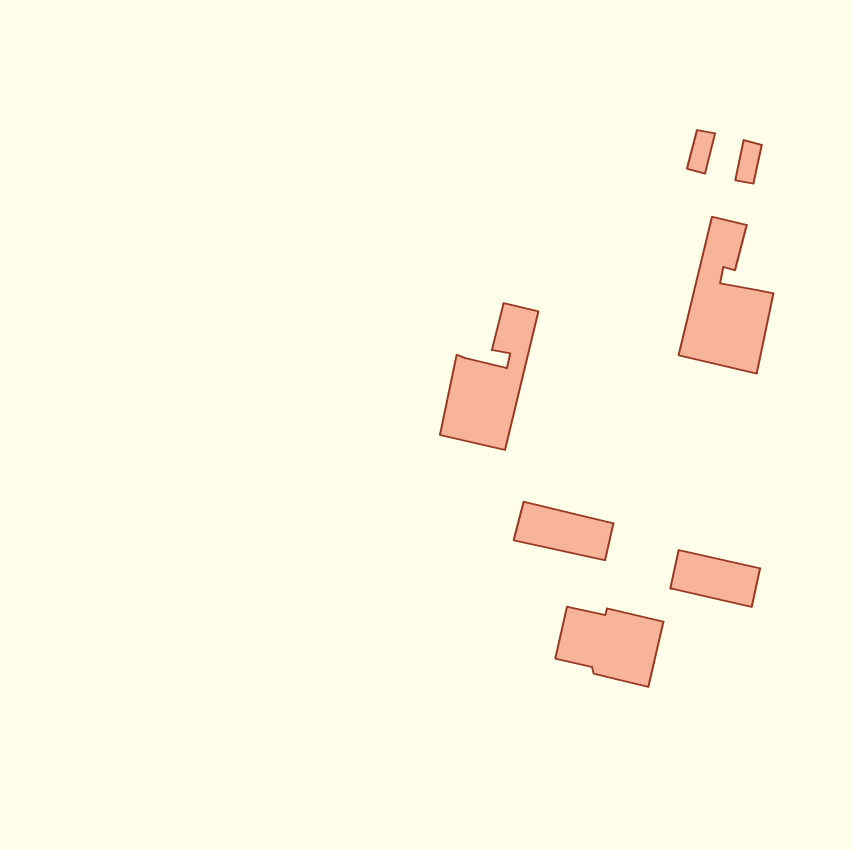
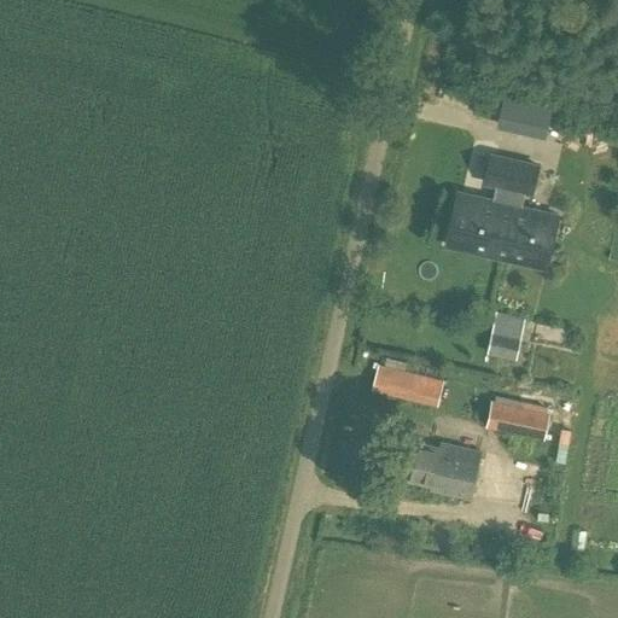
building: [440,303,538,450] -> [444,152,515,258]
building: none -> [486,311,526,361]

